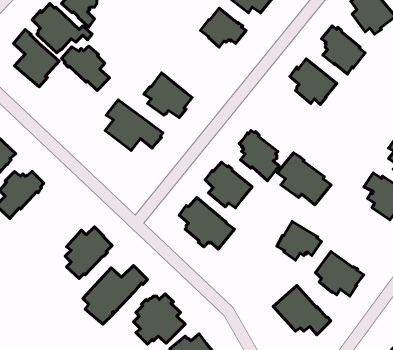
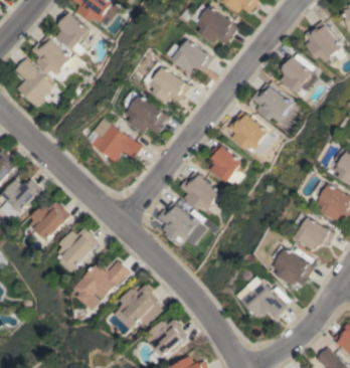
building: none -> [151,65,191,105]
building: [62,46,110,91] -> none
building: [277,153,331,205] -> [227,112,274,156]
building: none -> [30,202,70,240]
building: [277,221,321,260] -> [297,217,335,250]

